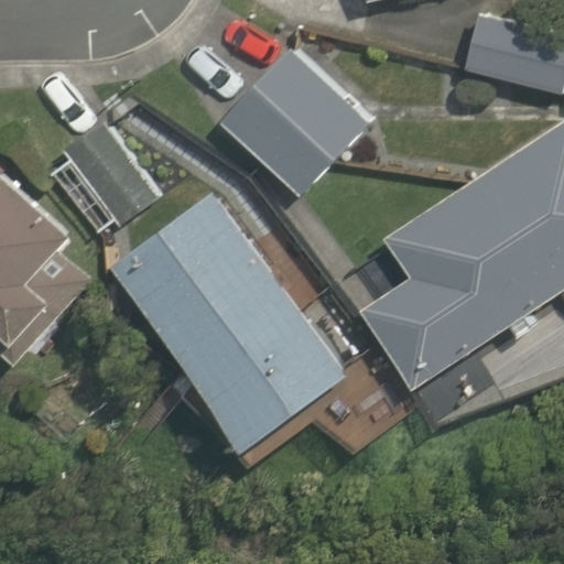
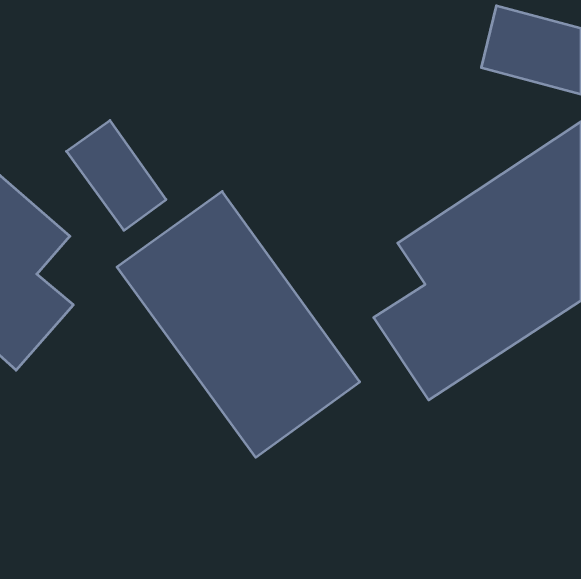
building: [218,50,370,199] -> none

